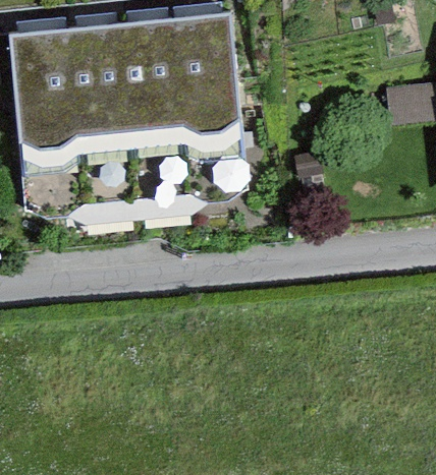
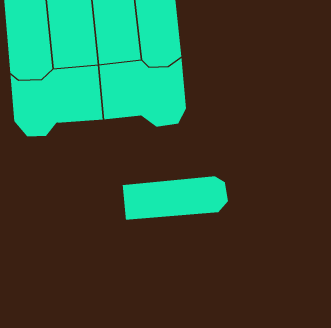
building: none -> [122,175,229,221]

